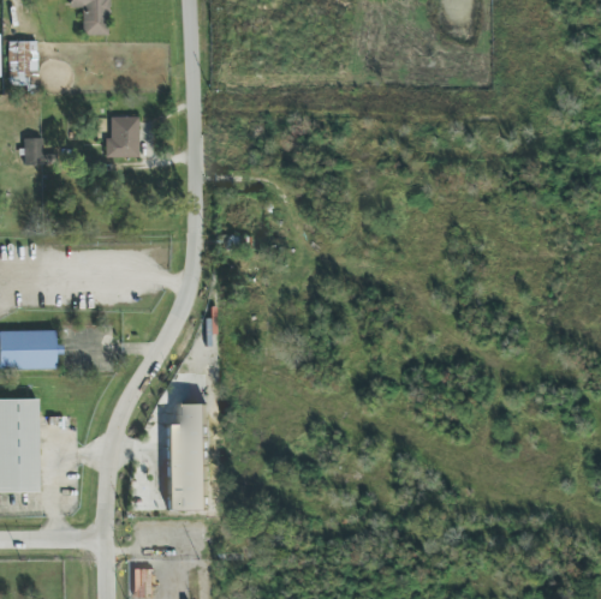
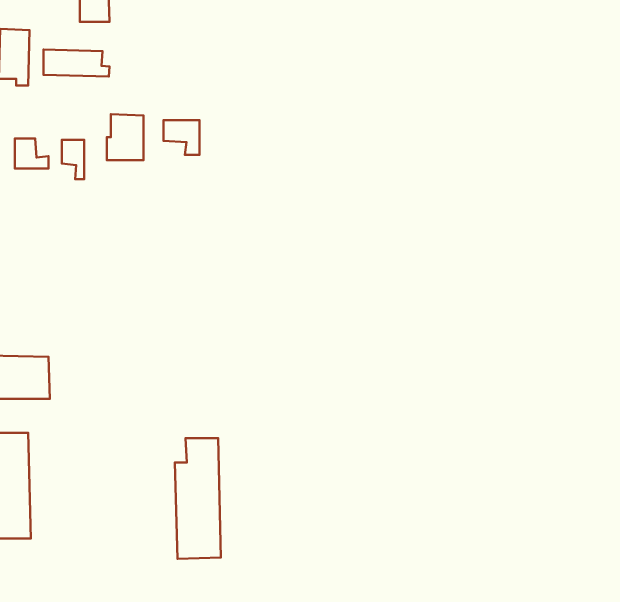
building: none -> [43,50,109,77]
building: none -> [164,120,200,155]
building: none -> [62,140,84,179]

